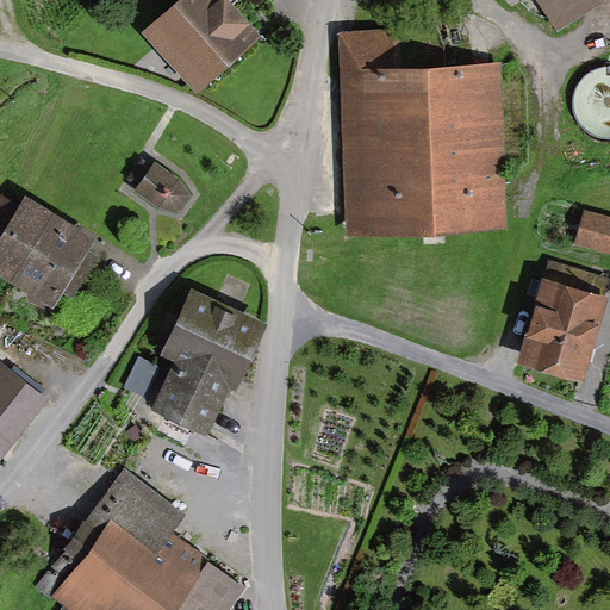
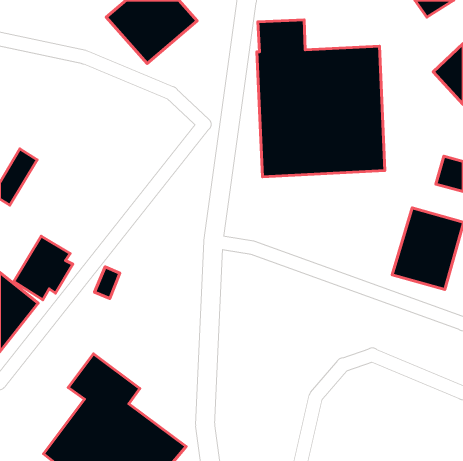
building: [127,162,197,219] -> none
building: [13,213,91,297] -> [14,236,73,300]
building: [152,286,264,429] -> none

